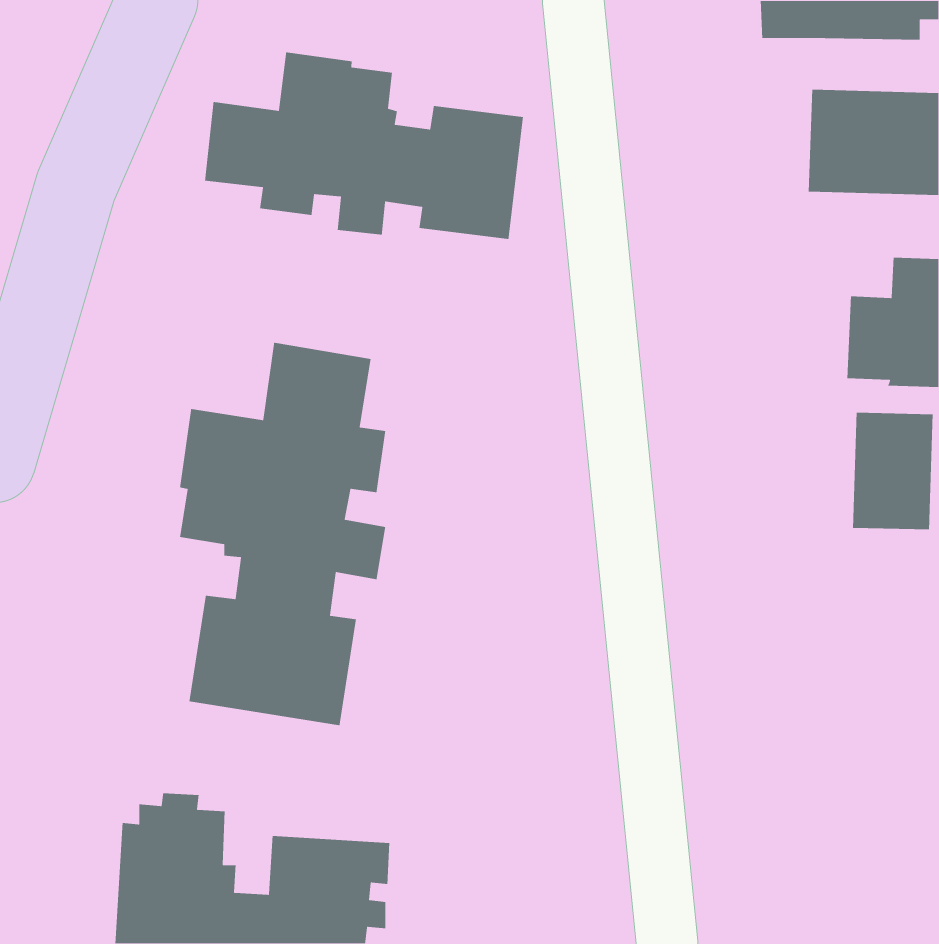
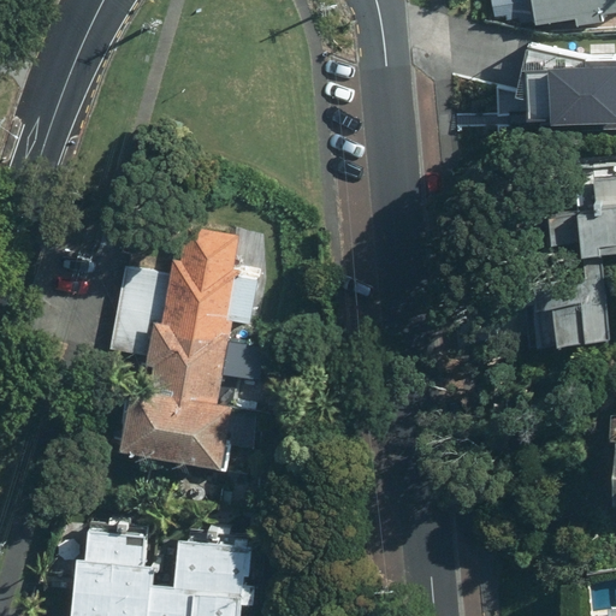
building: [204,51,524,240] -> none

